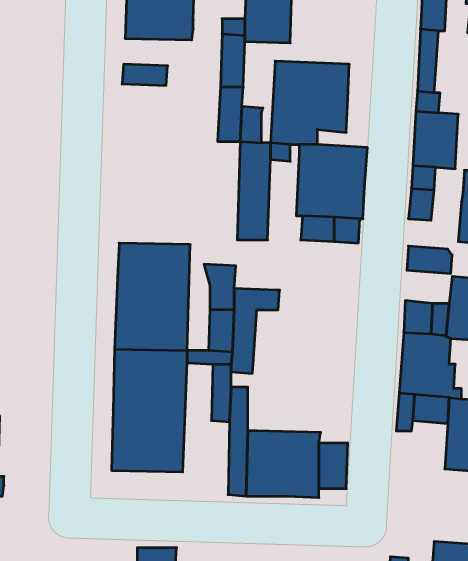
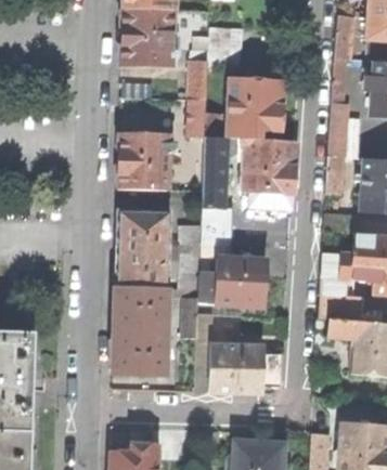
building: none -> [118,134,168,190]
building: none -> [201,208,232,244]
building: none -> [214,258,267,305]

